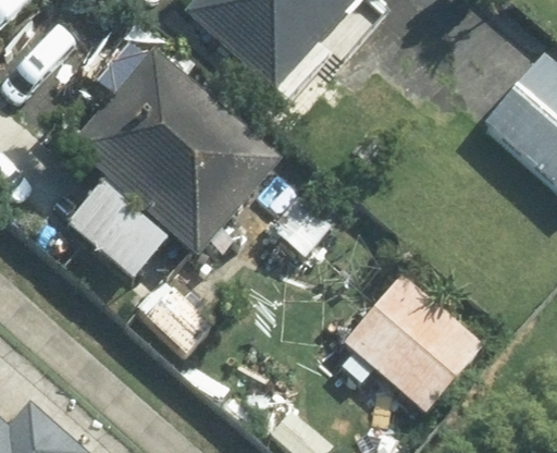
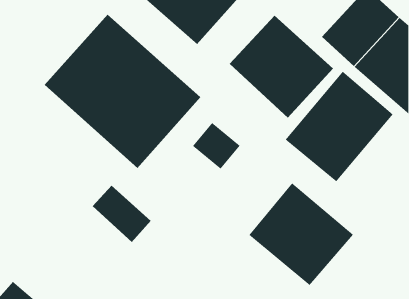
building: none -> [229,15,334,118]
building: none -> [285,71,394,182]

